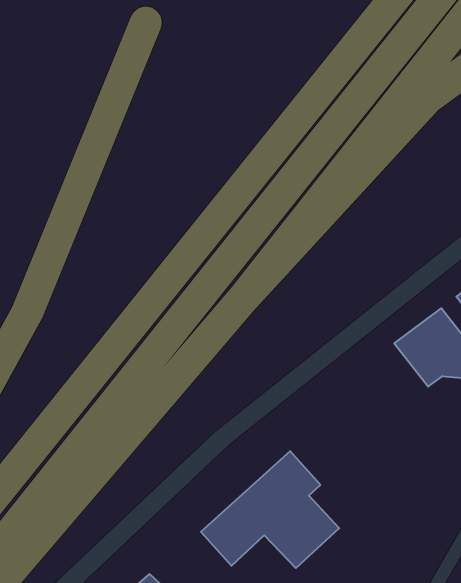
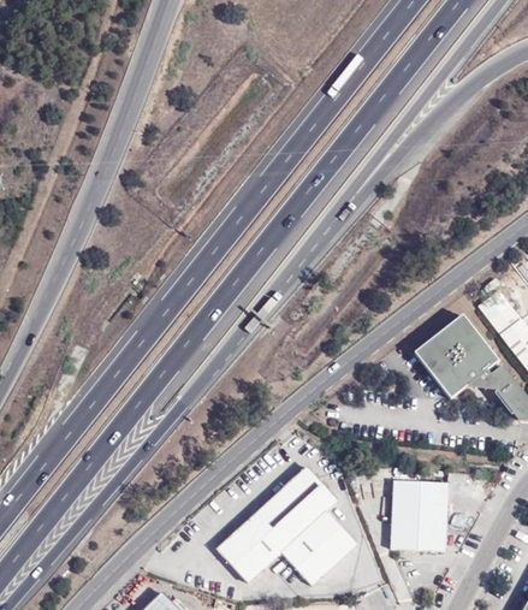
building: none -> [391,480,447,550]

